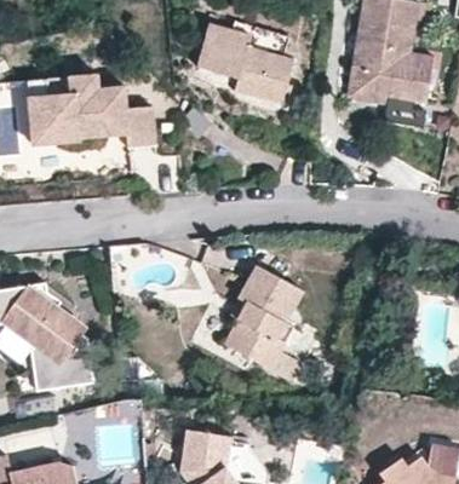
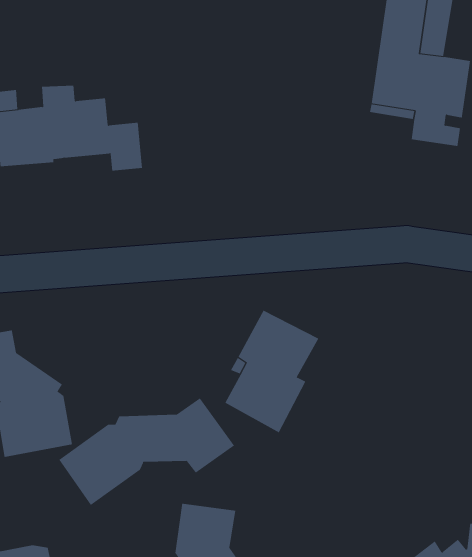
building: [195,27,293,105] -> none
building: none -> [58,397,235,506]

